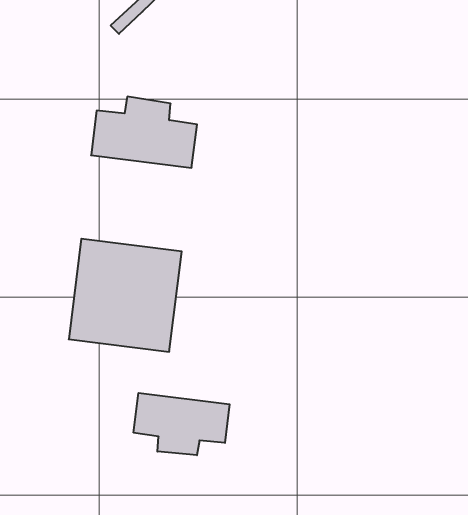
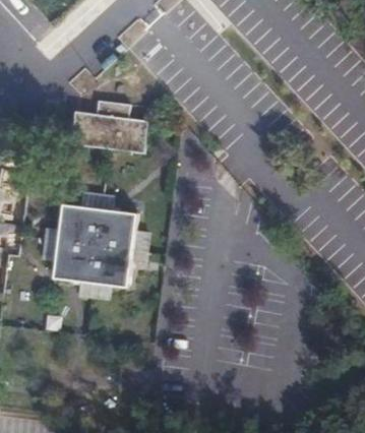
building: [134,393,230,455] -> none

